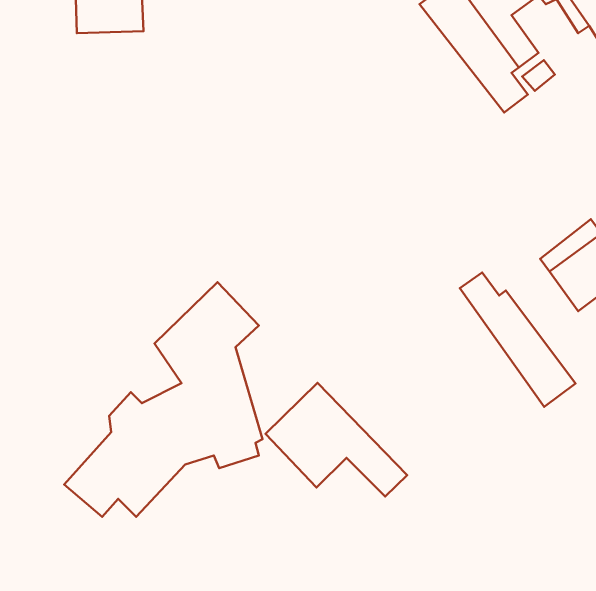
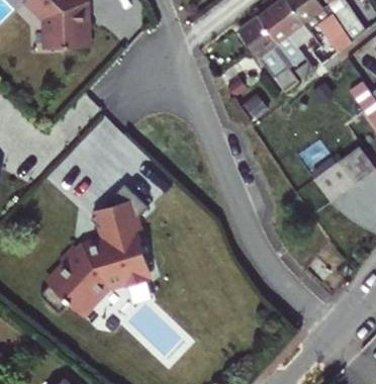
building: [460,272,576,407] -> none
building: [265,383,407,497] -> none

